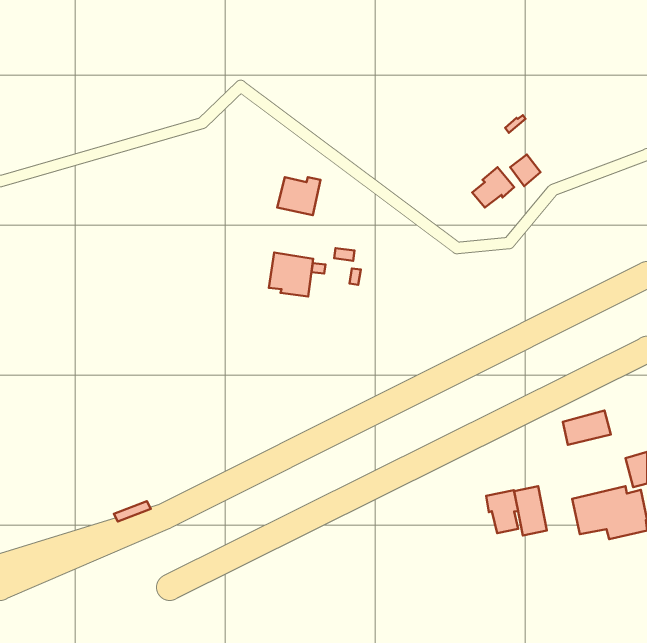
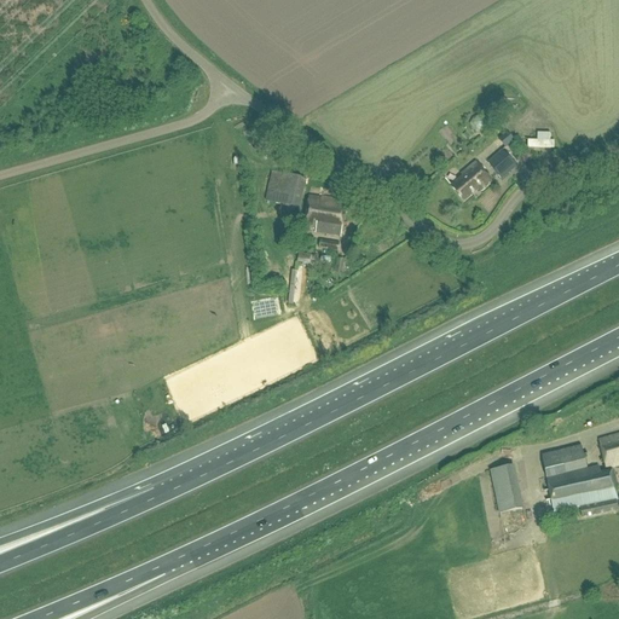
building: [269,252,313,297] -> [305,192,347,235]
building: [563,411,611,445] -> [540,442,586,475]
building: [486,490,518,533] -> none

